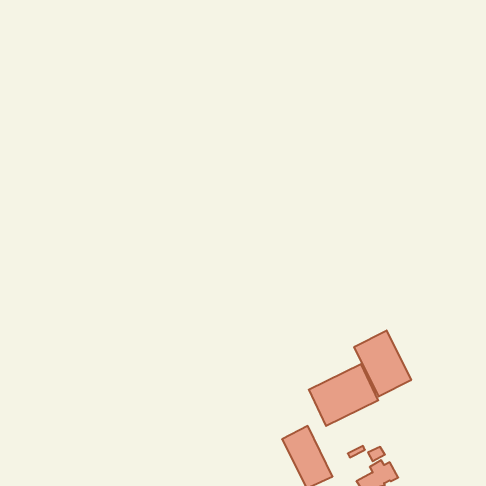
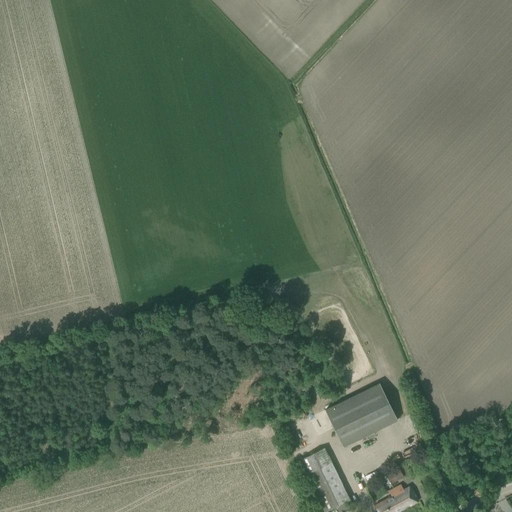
building: [354,330,411,397] -> none

